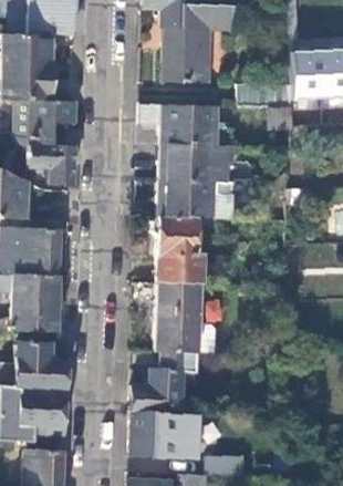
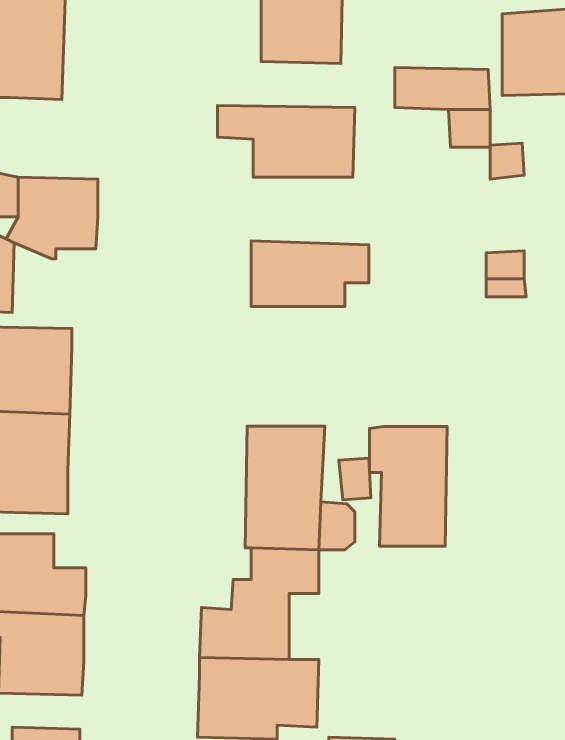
building: [24,100,75,139] -> none
building: [159,144,231,182] -> none
building: [152,216,195,282] -> [369,427,447,546]

